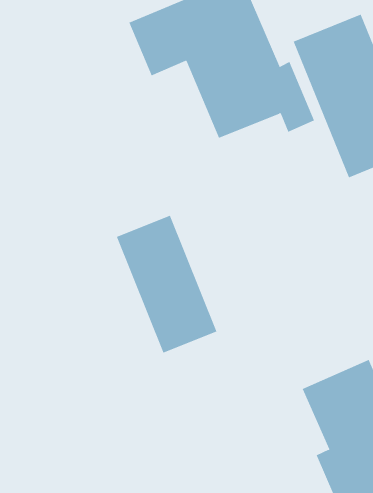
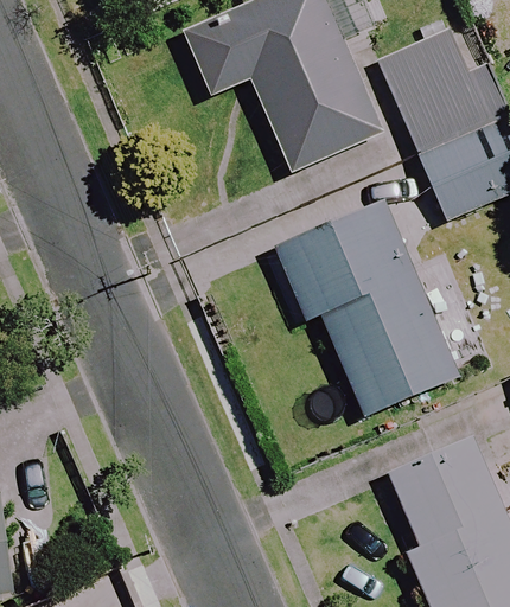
building: none -> [273,198,455,416]
building: [116,215,217,353] -> none

